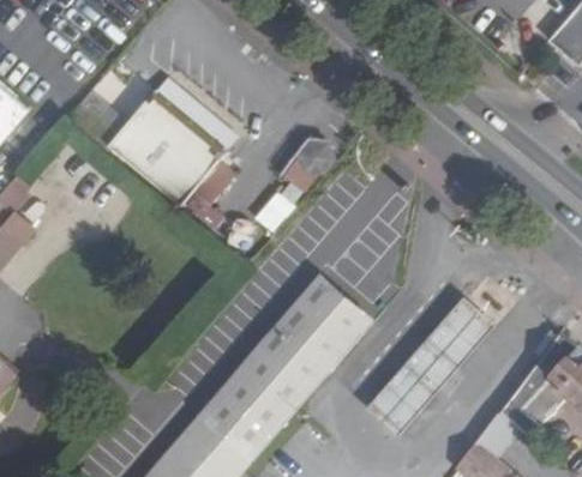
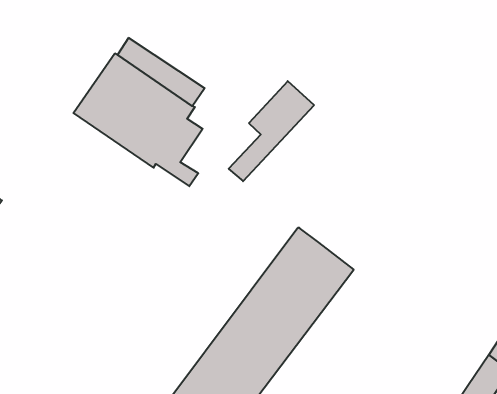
building: [366,298,494,435] -> none

